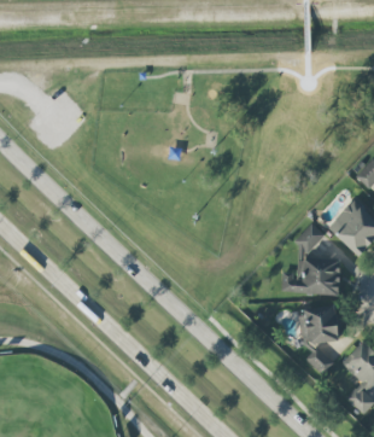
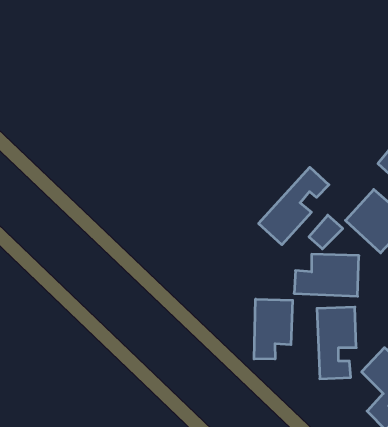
building: none -> [259,167,329,245]
building: none -> [254,299,293,359]

